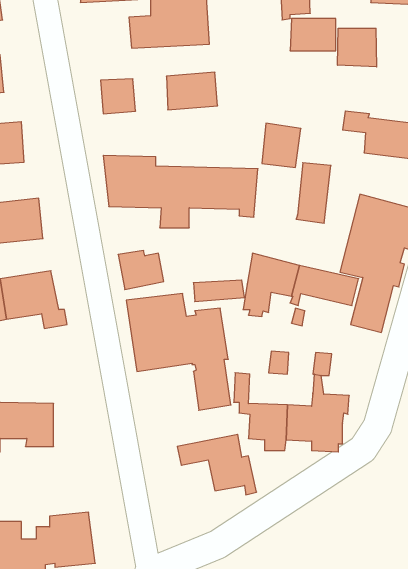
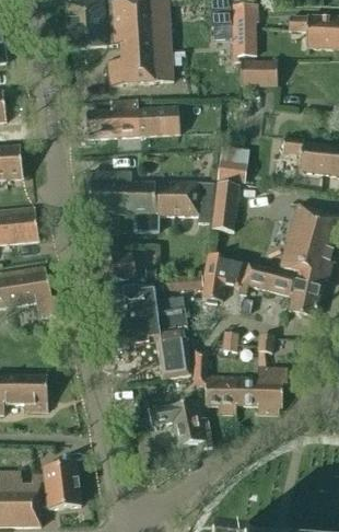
building: [338,28,377,67] -> none
building: none -> [110,99,140,136]
building: [296,163,331,223] -> [211,182,239,231]

